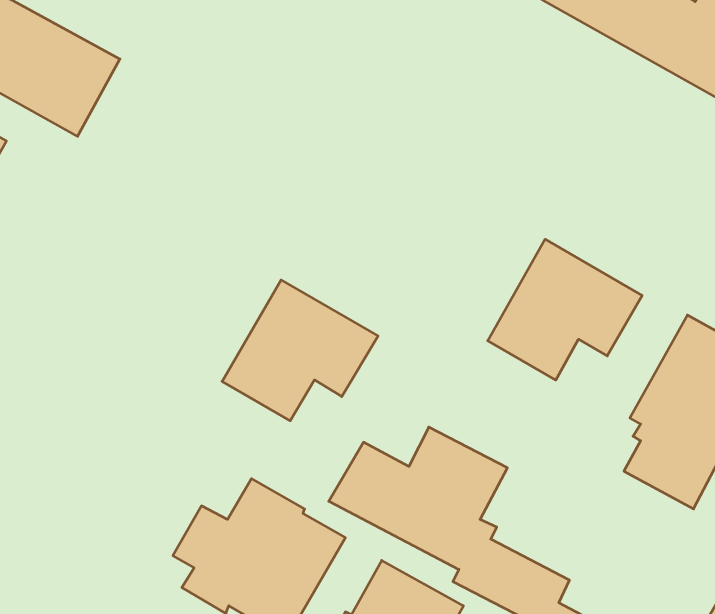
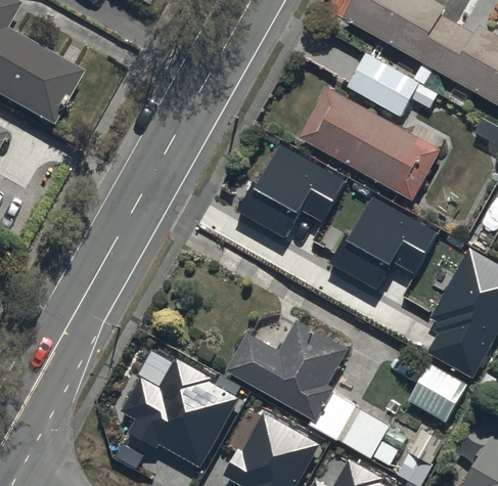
building: none -> [347,52,440,116]
building: none -> [300,87,443,201]
building: [222,280,378,421] -> [239,142,345,237]
building: none -> [408,363,465,419]

